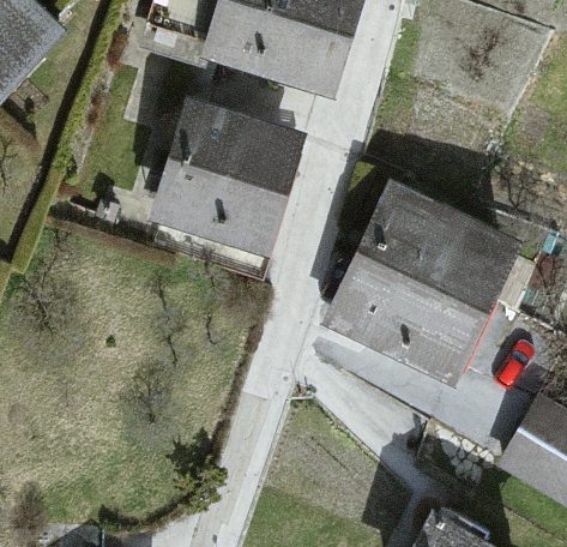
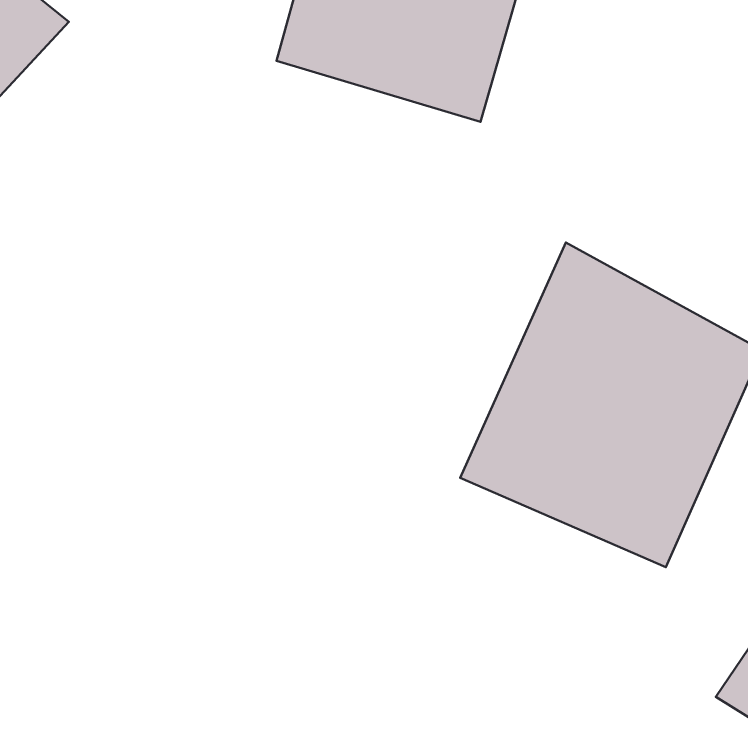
building: [153,94,312,260] -> none

